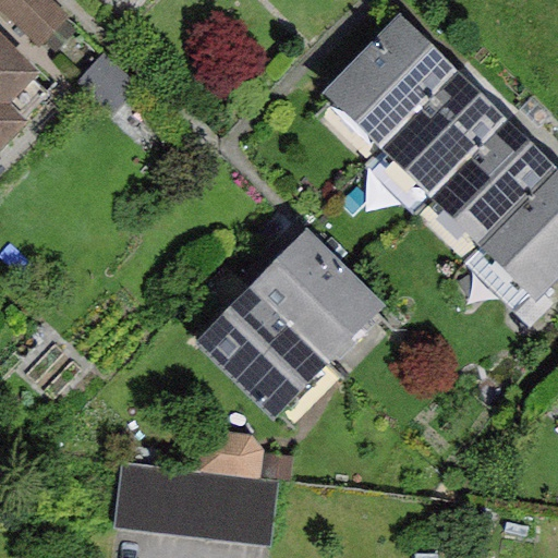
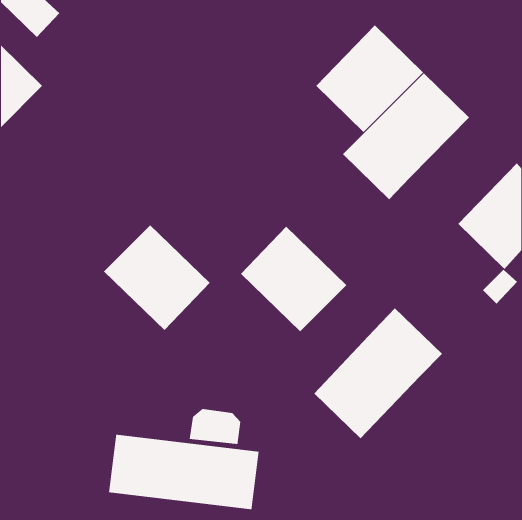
building: [438,125,551,239] -> none
building: [206,292,320,405] -> [103,225,210,331]
building: none -> [313,307,443,439]

